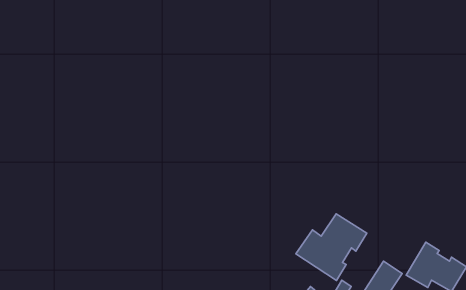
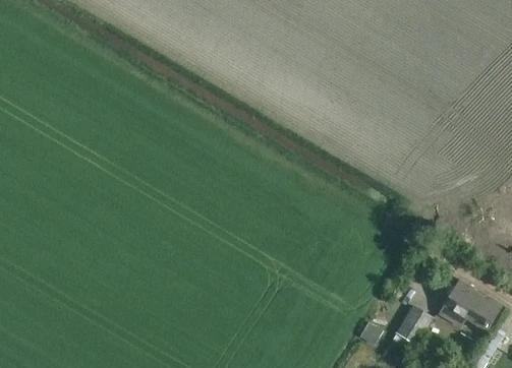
building: [296,214,367,280] -> none

